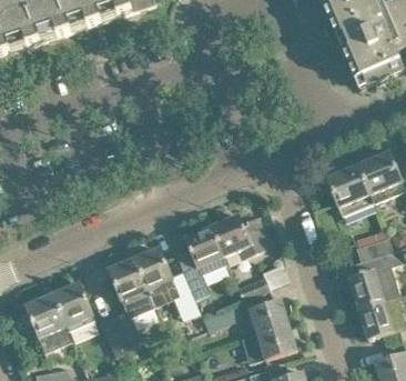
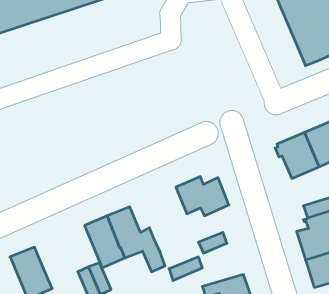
building: [176,227,226,300] -> none
building: [52,282,95,331] -> none
building: [250,299,288,334] -> none

